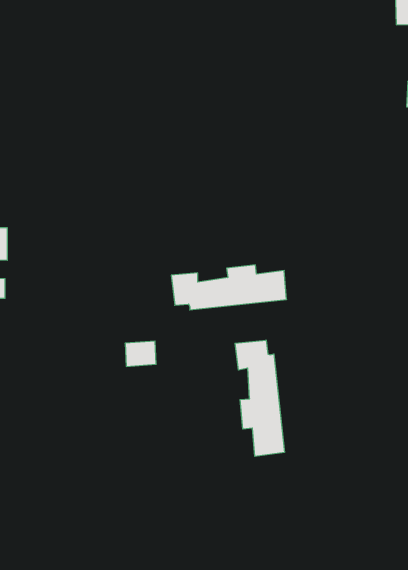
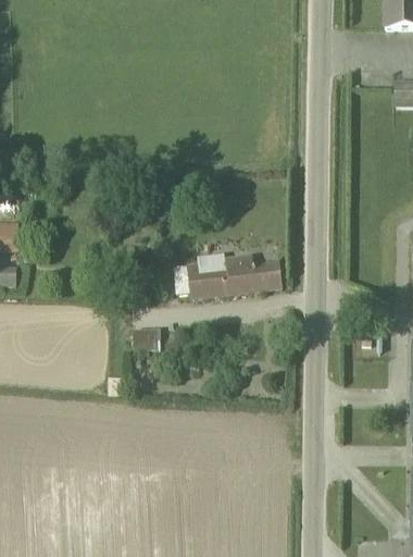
building: [235,340,284,456] -> none

